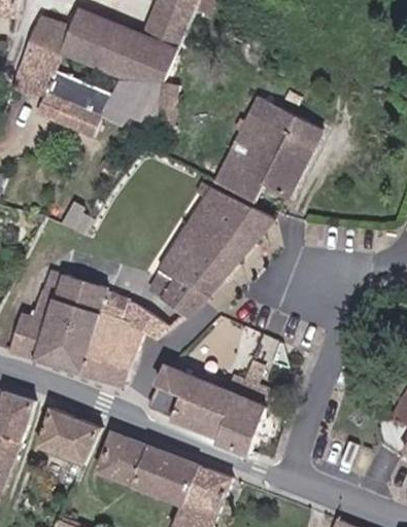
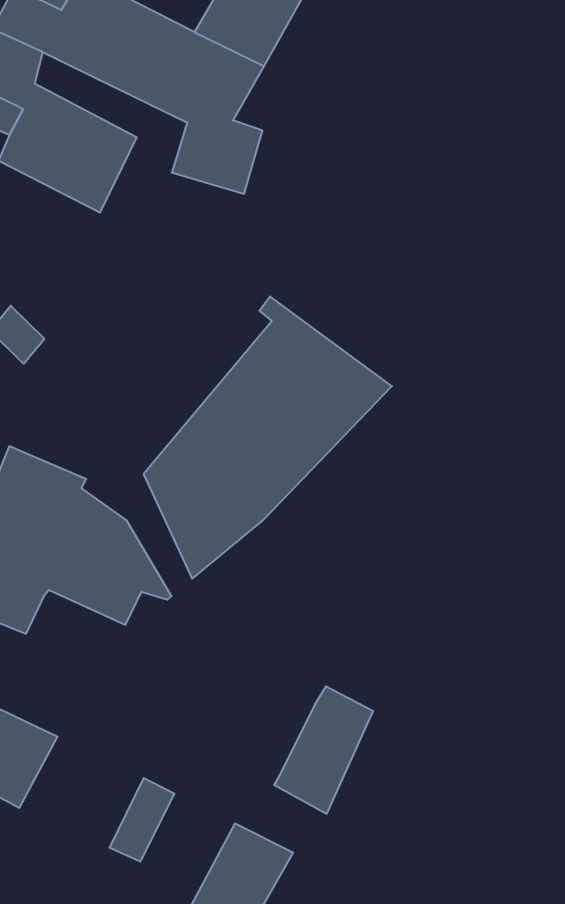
building: [209,97,315,202] -> none
building: [80,348,134,386] -> none
building: [149,368,240,440] -> none
building: [98,431,150,485] -> none
building: [152,453,202,504] -> none

